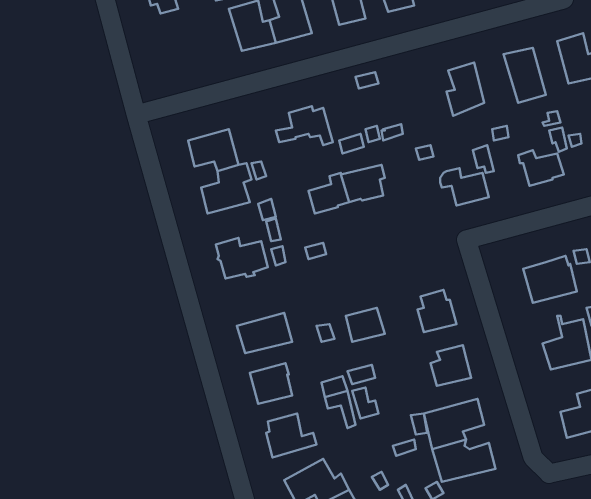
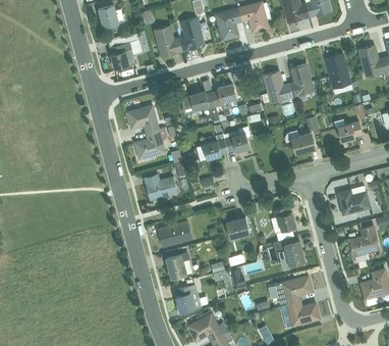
building: none -> [109,37,149,68]
building: none -> [260,71,292,103]
building: none -> [211,84,235,108]

